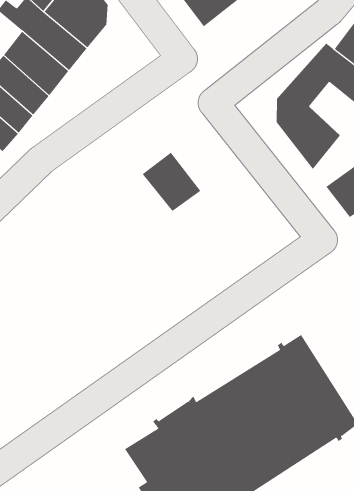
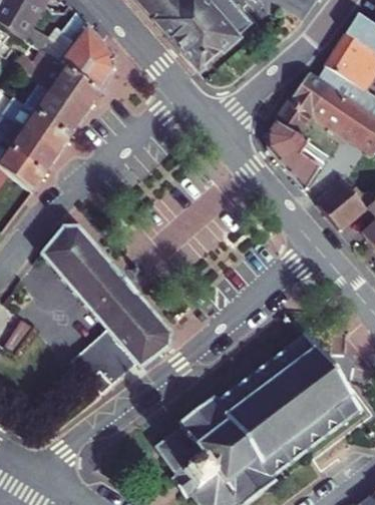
building: [142,152,201,212] -> none
building: none -> [41,224,169,392]

